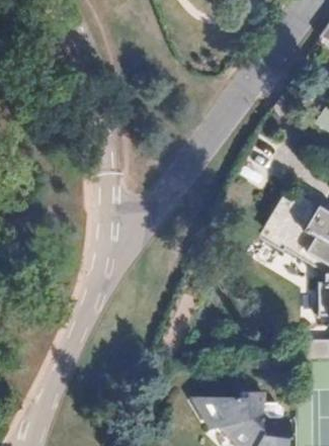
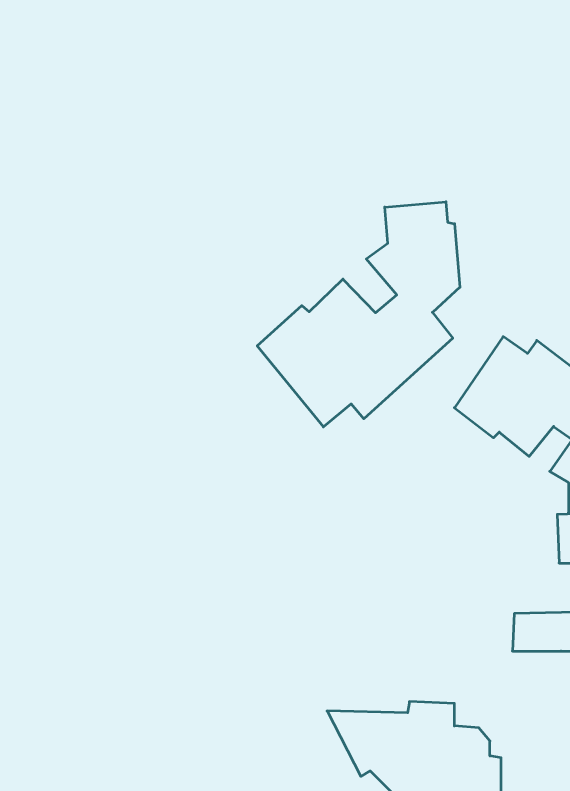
building: none -> [257,202,460,427]

